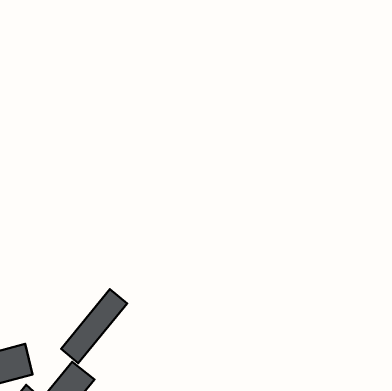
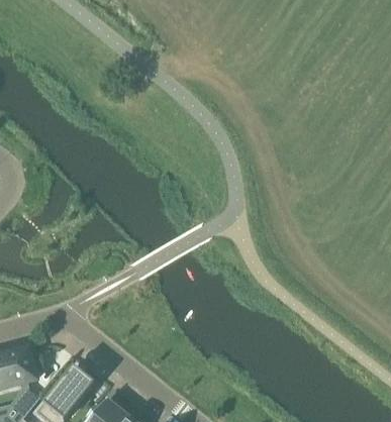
building: [61,289,127,363] -> none

